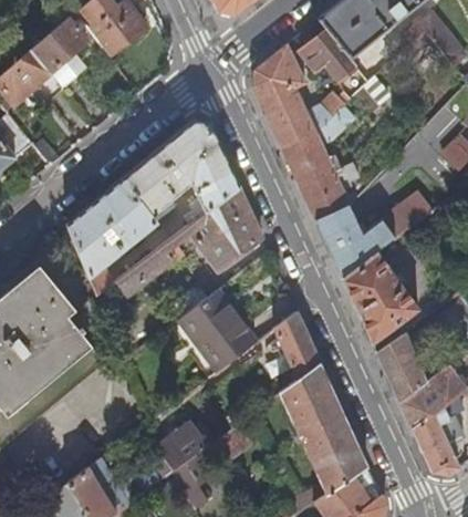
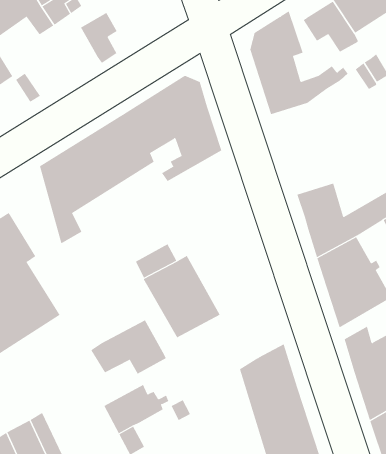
building: none -> [80,12,118,64]
building: [281,106,358,220] -> none
building: [117,187,262,293] -> none
building: [274,314,321,381] -> none
building: none -> [91,319,166,374]

